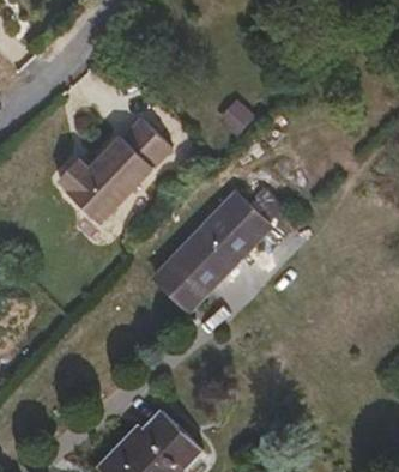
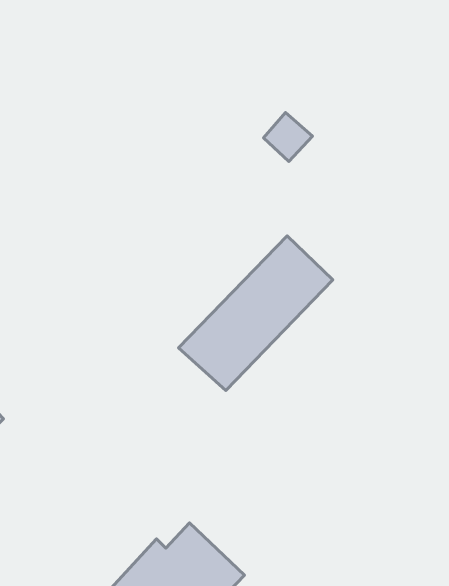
building: [58,120,171,224] -> none

